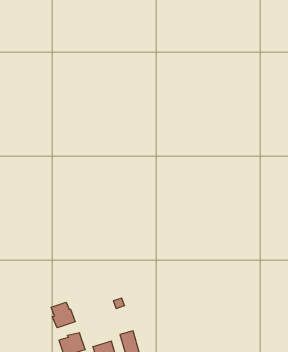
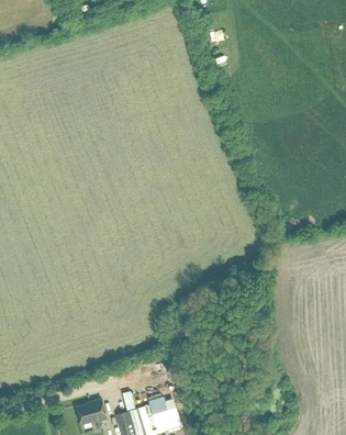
building: [51,302,75,328] -> none

